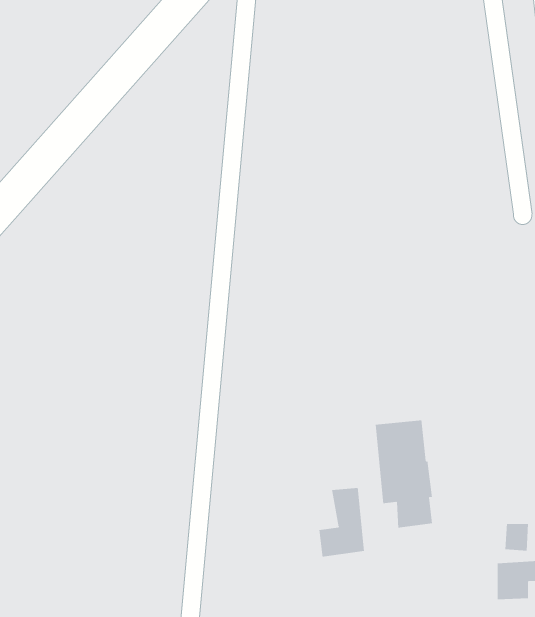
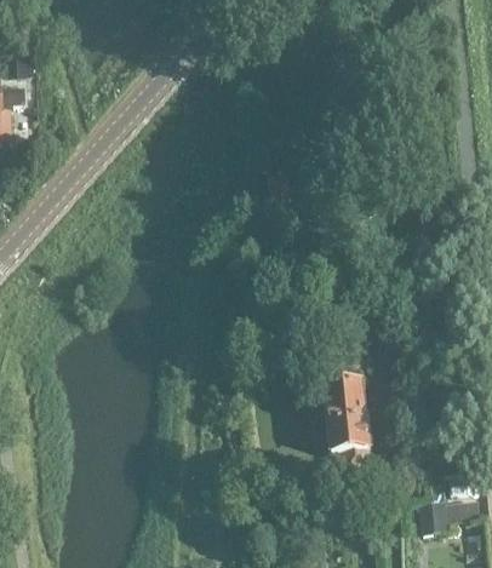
building: [319,487,364,558] -> none

